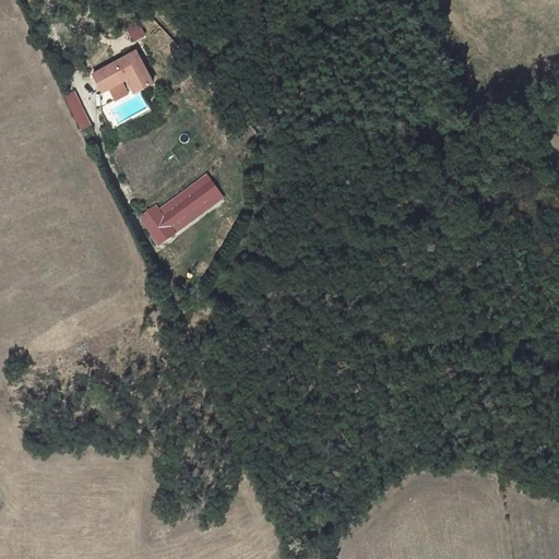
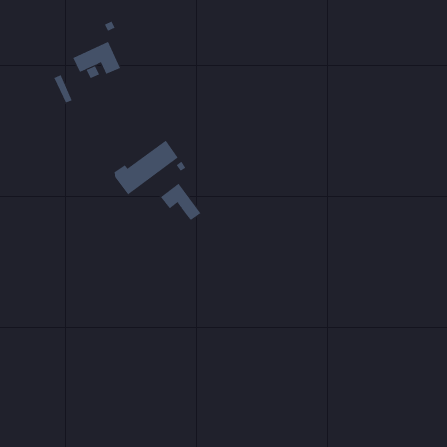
building: none -> [160,183,201,221]

